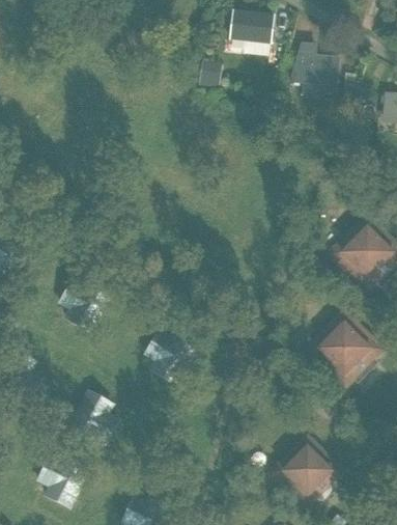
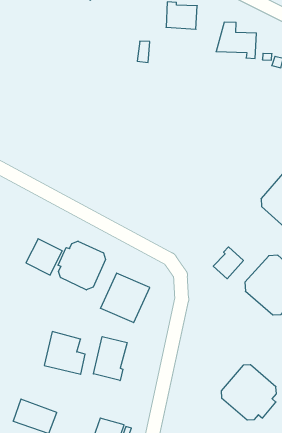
building: none -> [58,241,106,290]
building: none -> [213,247,243,279]
building: none -> [93,337,127,381]

